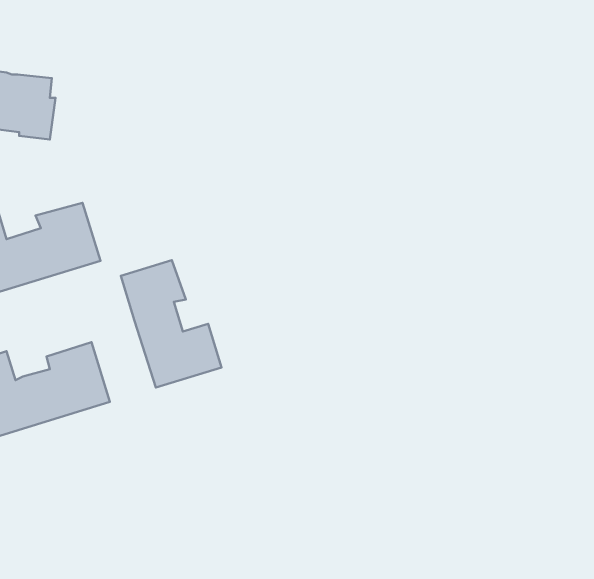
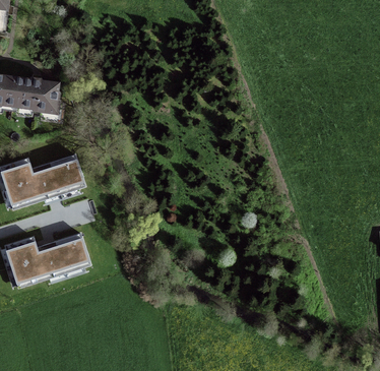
building: [121,260,221,387] -> none

